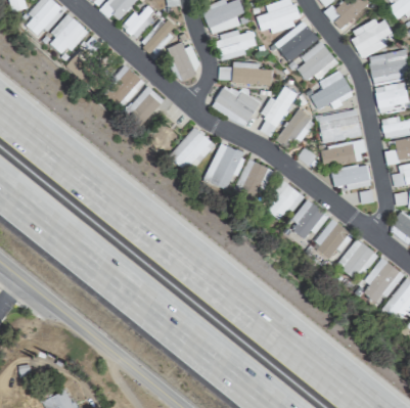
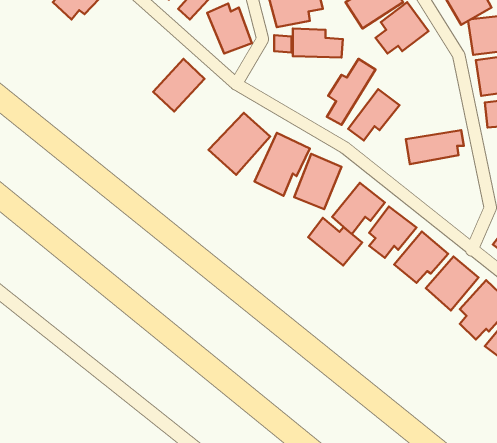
building: [311,70,354,109] -> none
building: [212,84,259,126] -> none
building: [318,108,362,143] -> none
building: [331,164,371,189] -> none
building: none -> [308,218,362,265]

